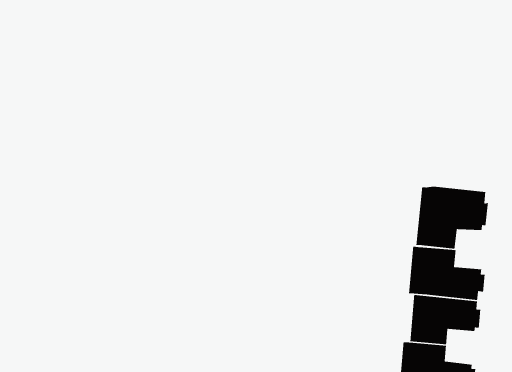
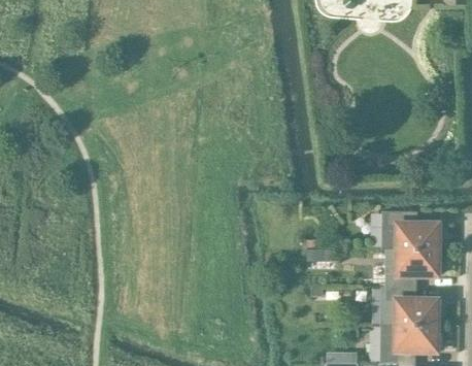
building: [415,186,489,250] -> none

